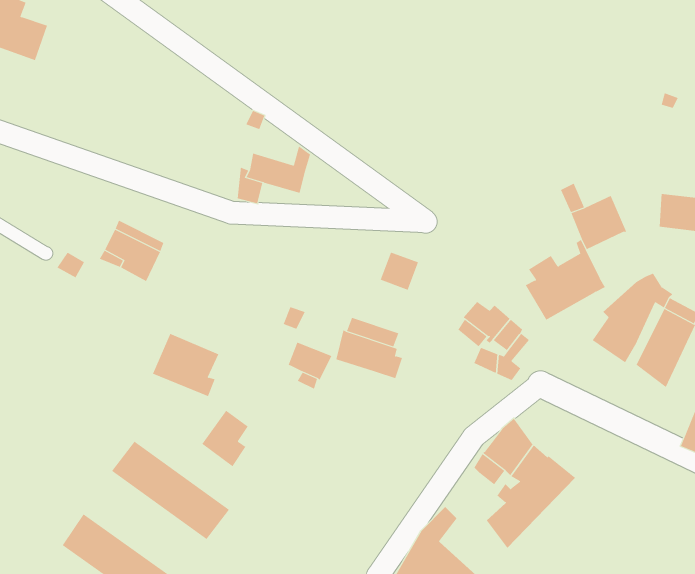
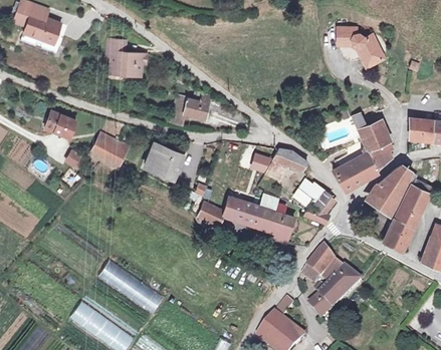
building: none -> [338,28,384,65]
building: none -> [107,40,147,75]
building: none -> [45,111,76,137]
building: none -> [368,140,392,166]
building: none -> [273,147,307,170]
building: [152,333,219,397] -> [145,143,183,180]
building: none -> [259,203,294,243]
building: none -> [384,216,413,251]
building: [202,410,248,467] -> none

